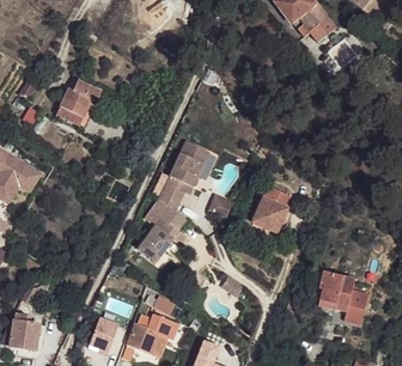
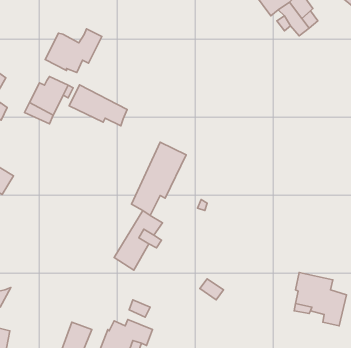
building: none -> [45,29,102,73]
building: none -> [69,85,127,126]
building: [251,181,294,231] -> none

